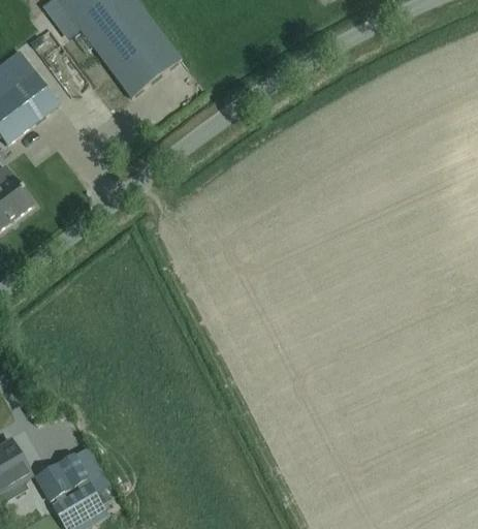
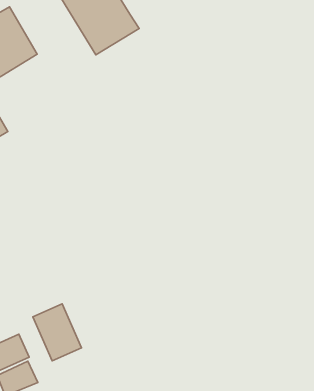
building: none -> [33,304,81,361]

